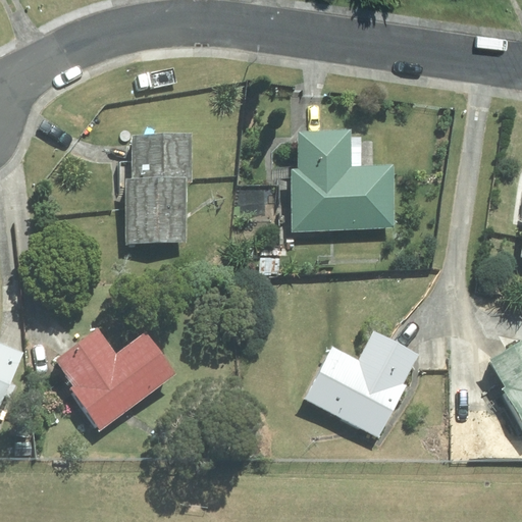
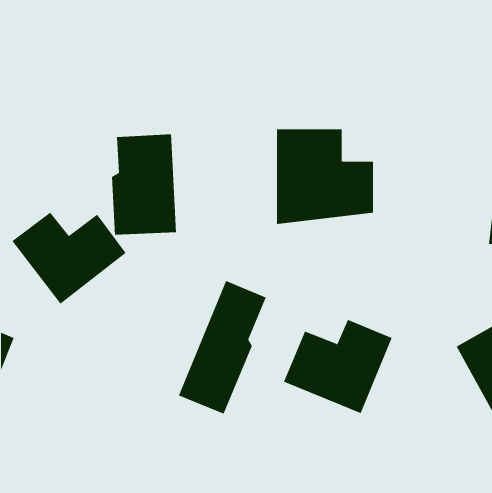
building: none -> [178,280,267,414]
building: [53,330,173,427] -> [11,212,127,305]

